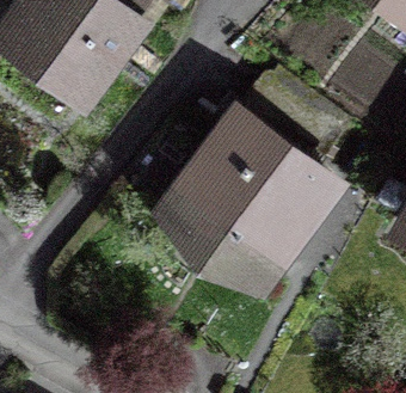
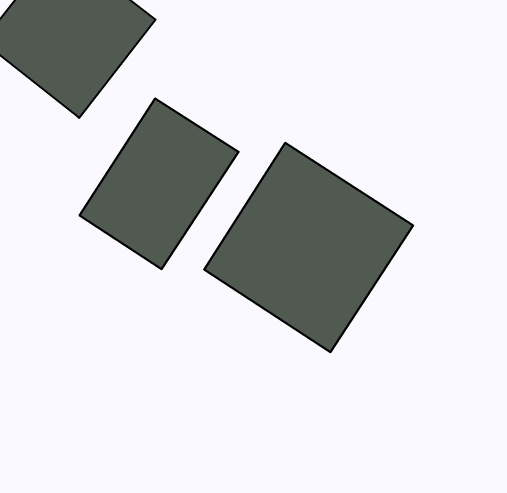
building: none -> [80,98,239,269]

